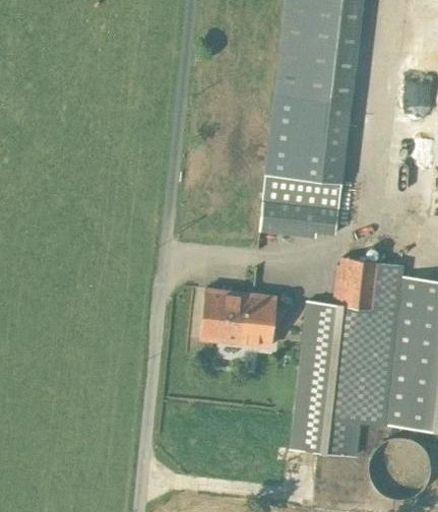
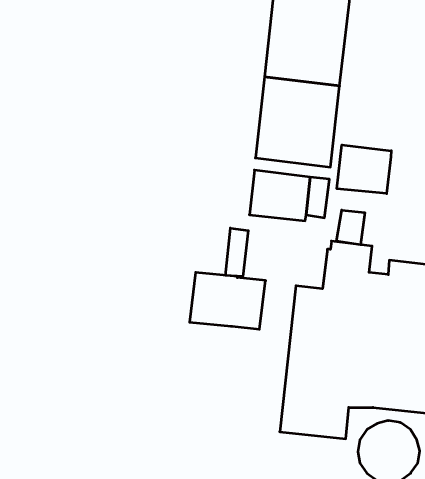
building: none -> [337,145,391,194]
building: none -> [337,210,365,245]
building: none -> [226,228,248,276]

